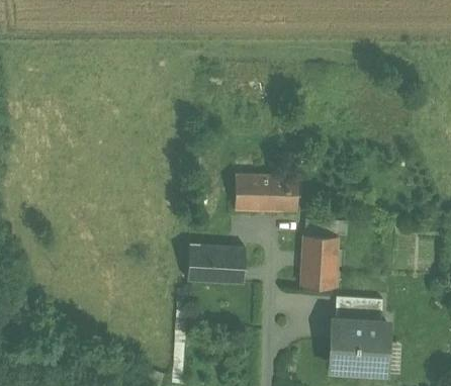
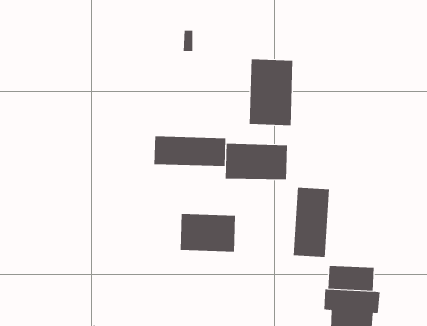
building: none -> [249,58,293,126]
building: none -> [154,136,226,167]

